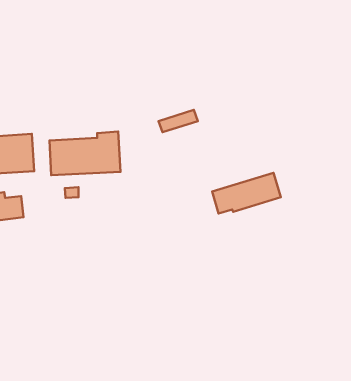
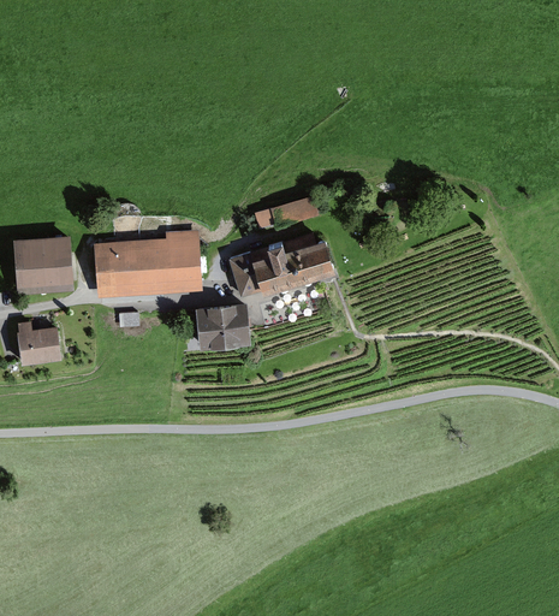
building: [212,173,281,213] -> [232,235,334,295]
building: none -> [197,304,249,345]

